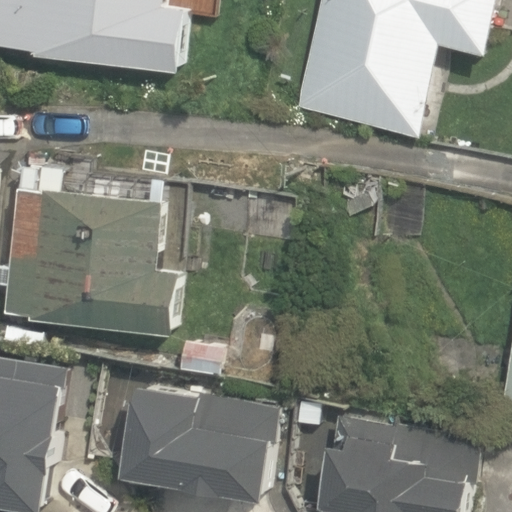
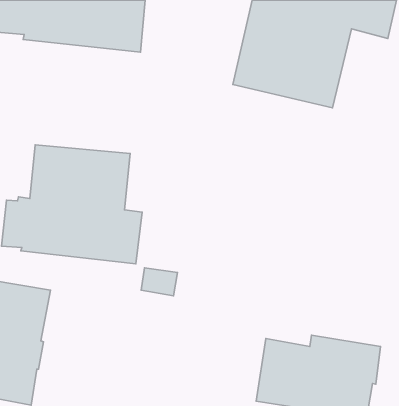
building: [120,382,276,496] -> none

